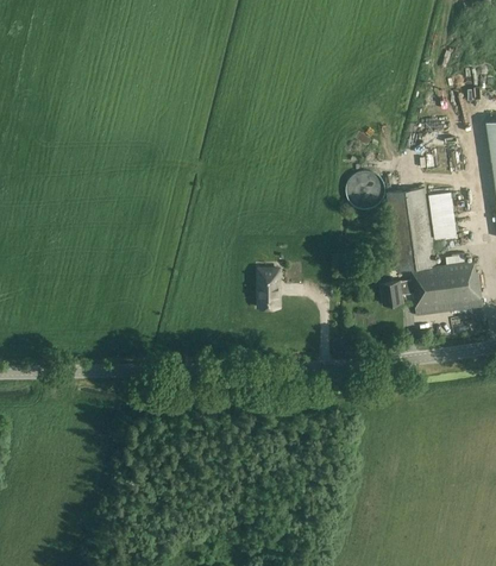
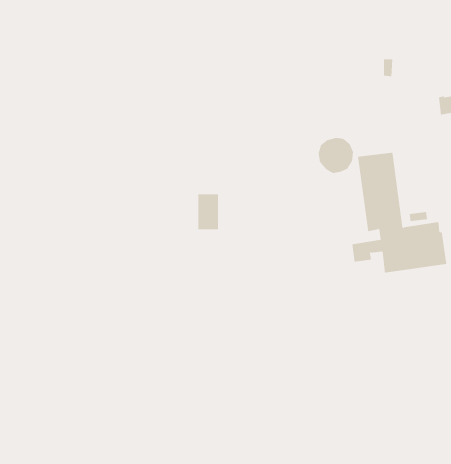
building: [427,191,456,239] -> none
building: [256,270,278,308] -> [198,194,219,230]

